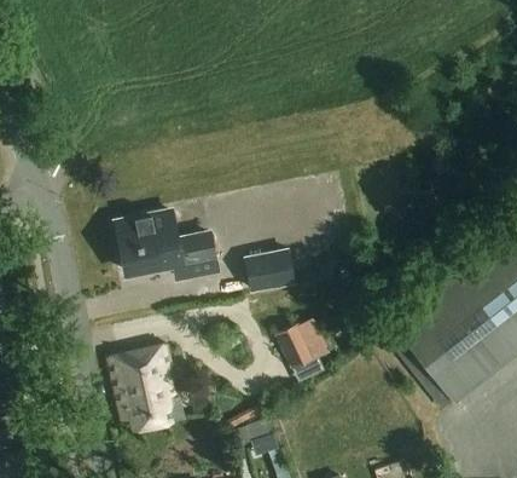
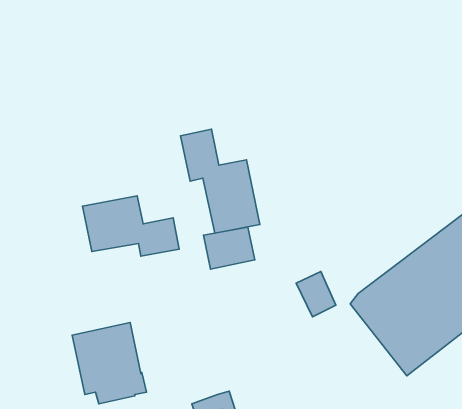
building: none -> [180,129,260,233]
building: [274,324,315,372] -> [296,272,336,317]

